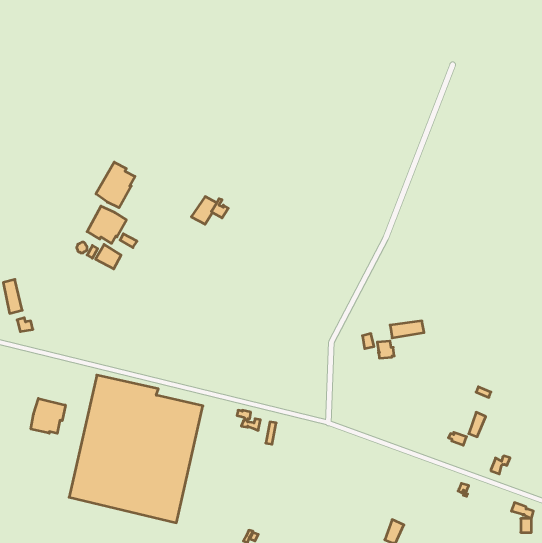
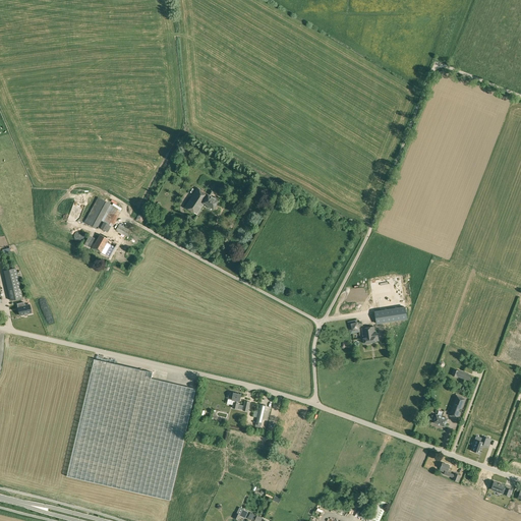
building: [96,162,135,208] -> none
building: [31,398,65,433] -> none

